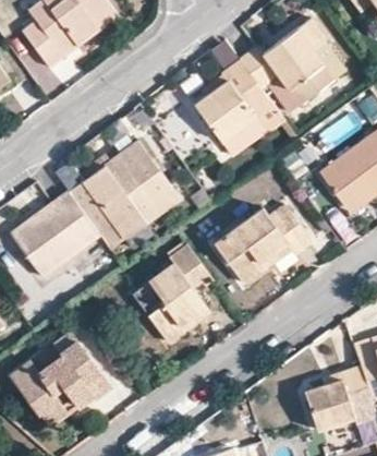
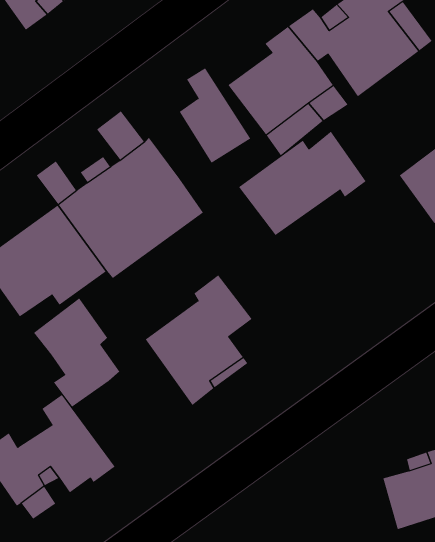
building: [215,203,309,280] -> [238,131,367,236]
building: none -> [33,297,120,407]

